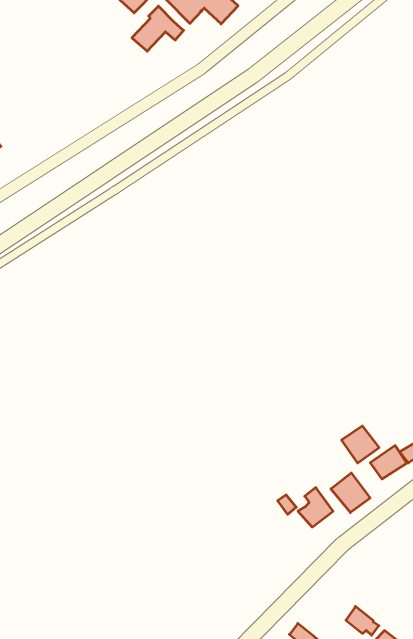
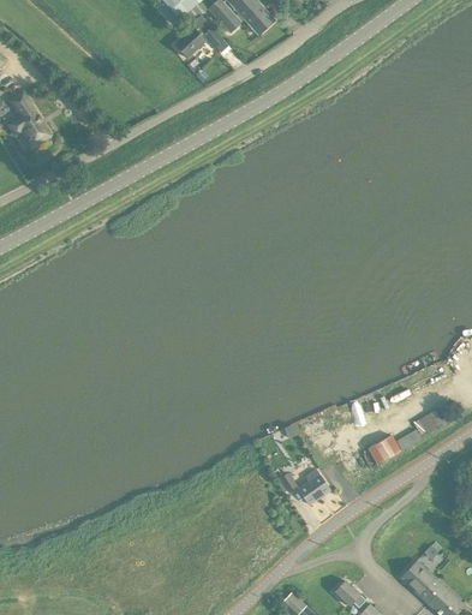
building: [342,426,379,463] -> none
building: [331,473,370,513] -> none

